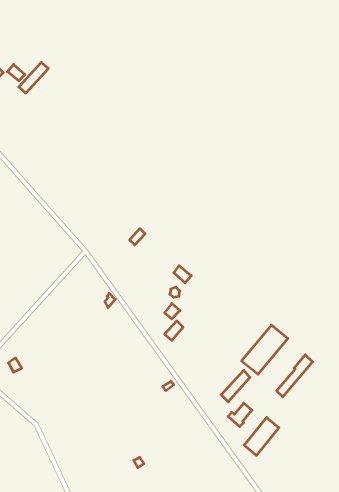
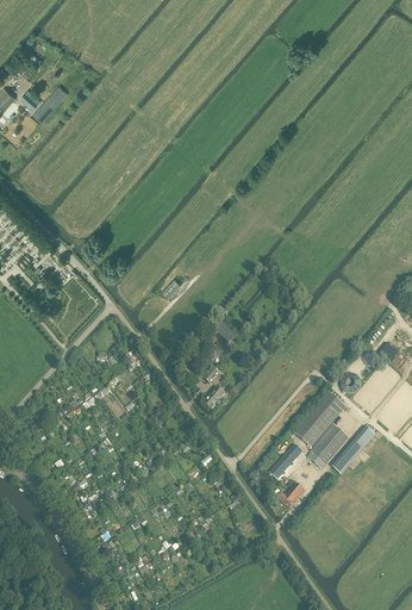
building: [244,417,279,455] -> [307,424,348,468]

